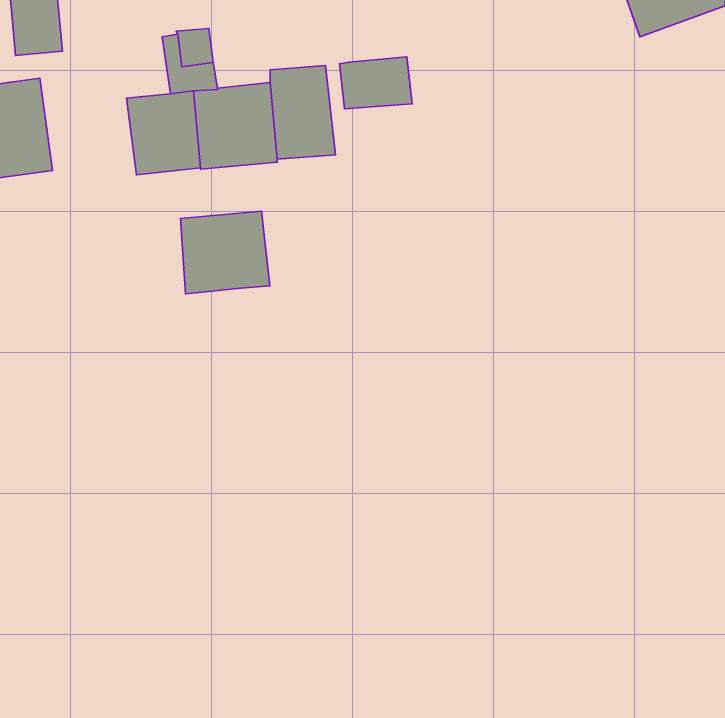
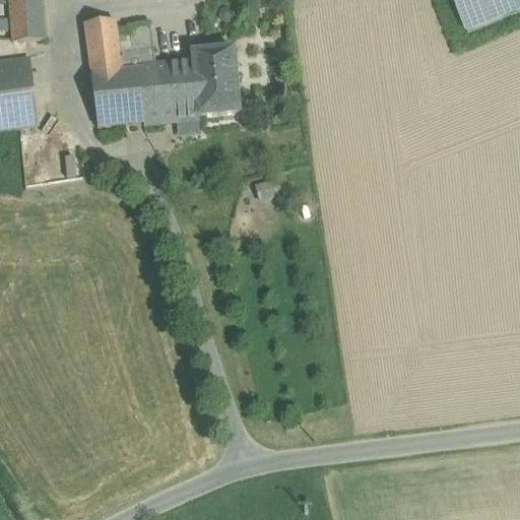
building: none -> [84,17,122,70]
building: [340,57,412,109] -> none
building: [181,211,270,294] -> none

